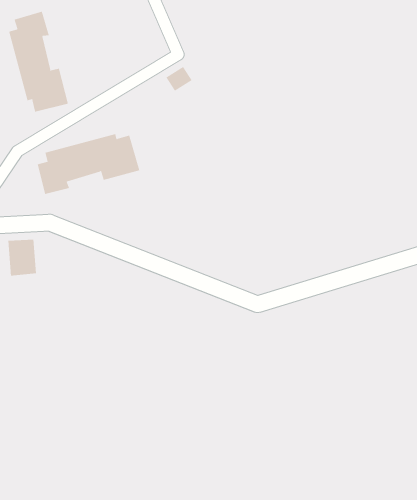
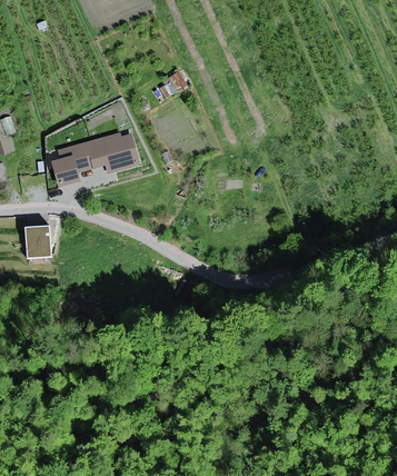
building: [8,11,69,113] -> none

